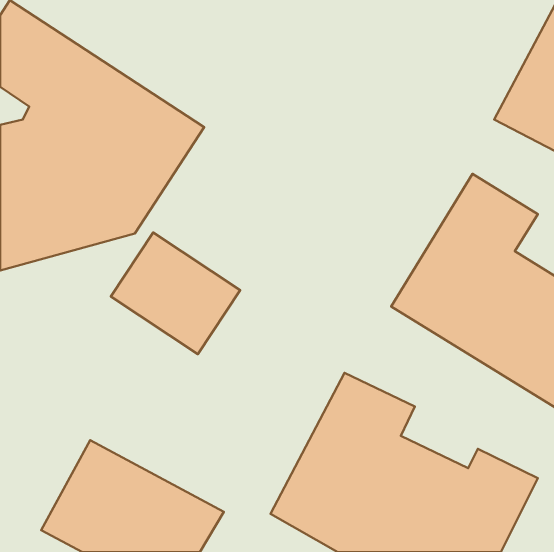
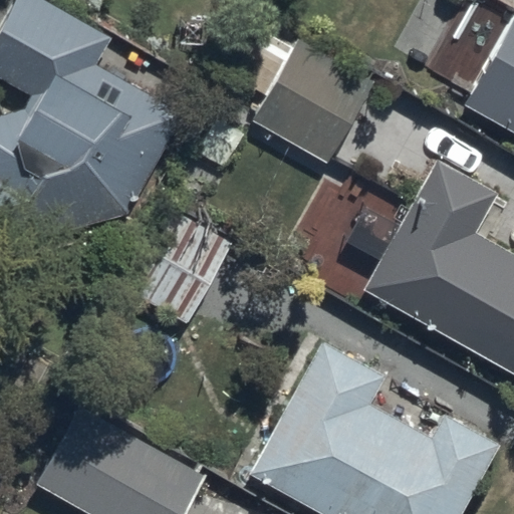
building: none -> [230,37,373,167]

